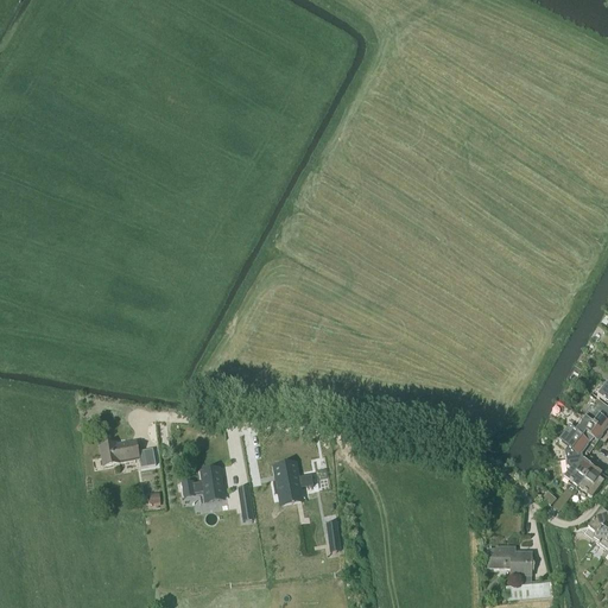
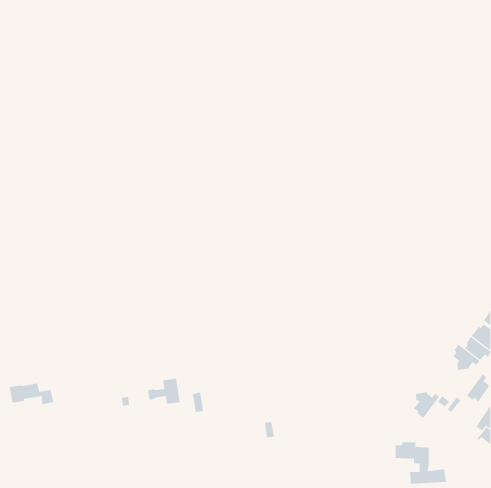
building: [100,438,156,466] -> [9,383,54,405]
building: [563,455,596,488] -> [413,392,440,419]
building: [273,461,314,502] -> none

